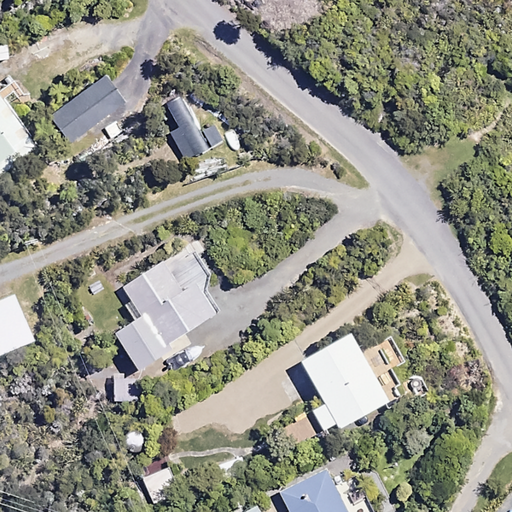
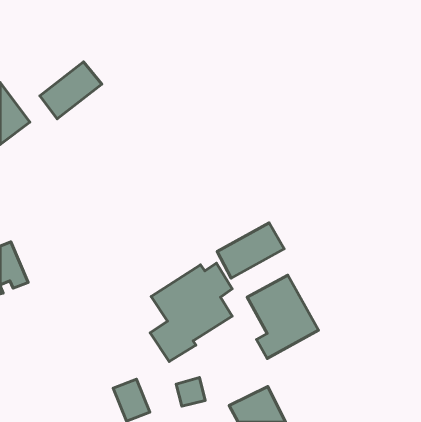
building: [157,92,223,159] -> none
building: [115,249,214,368] -> [150,263,232,362]
building: none -> [217,223,284,278]

